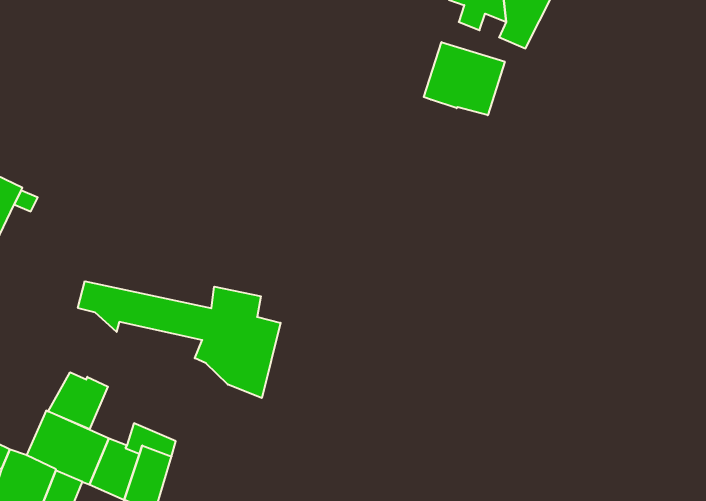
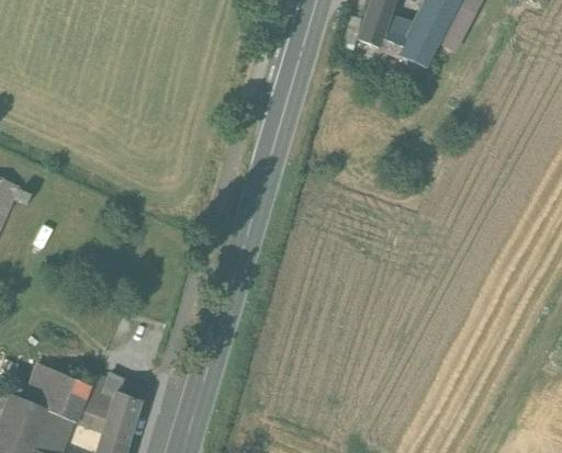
building: [424,42,505,115] -> none
building: [78,281,281,398] -> none
building: [48,372,108,429] -> none

